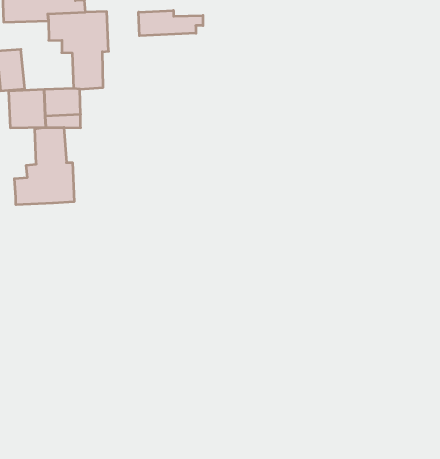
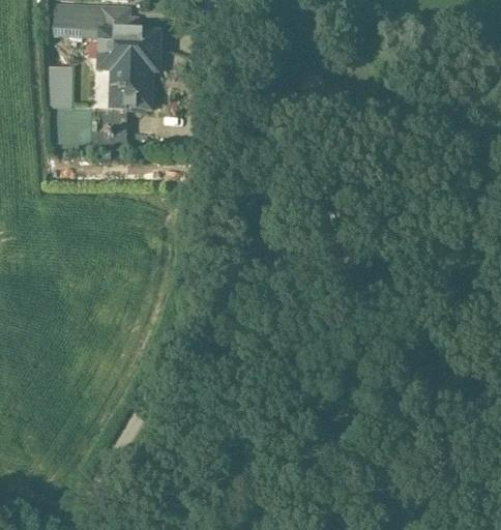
building: [139,10,203,36] -> none
building: [14,127,74,205] -> none

